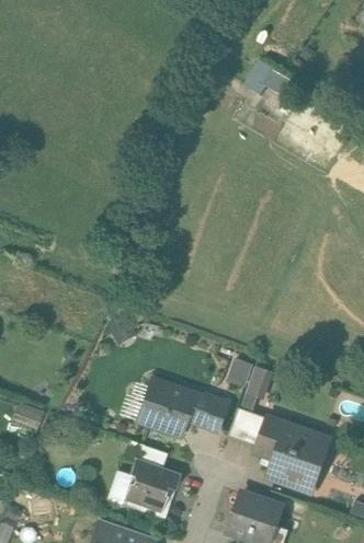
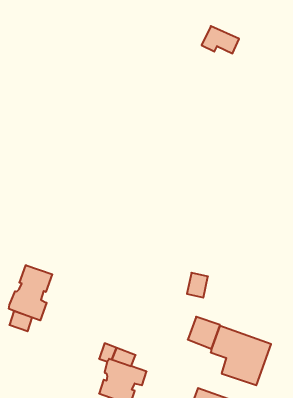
building: none -> [9,265,52,320]
building: [243,363,273,408] -> none
building: [143,381,227,435] -> none

